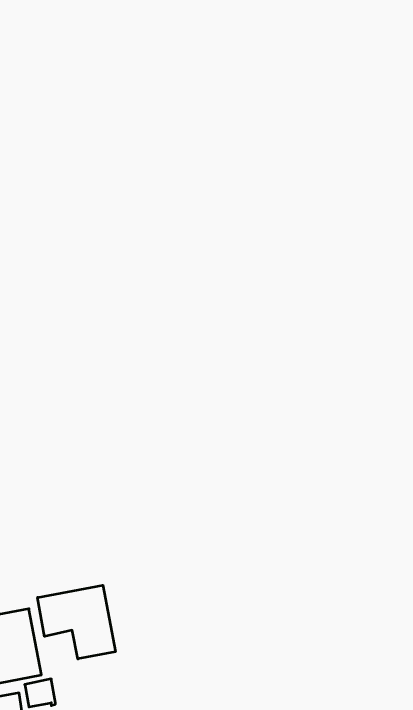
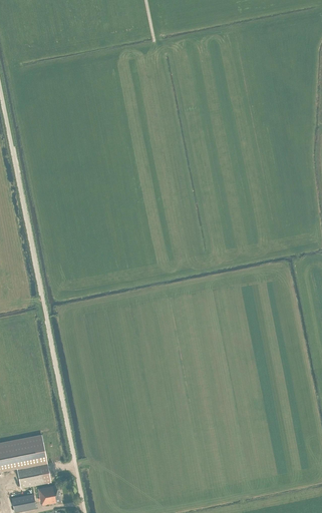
building: [38,585,115,659] -> none

